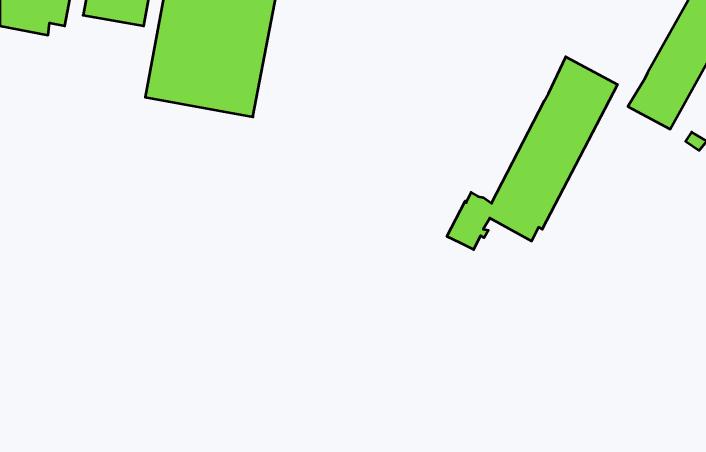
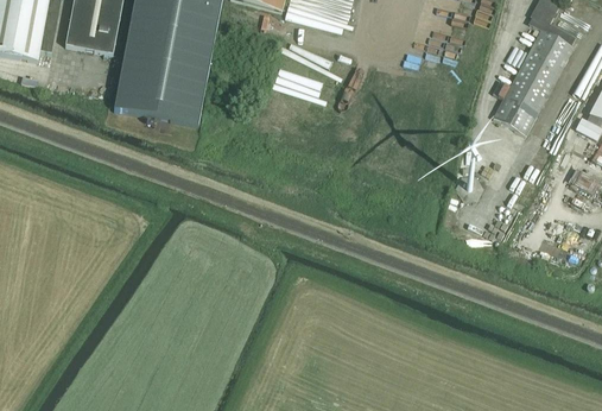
building: [447,57,617,250] -> none

